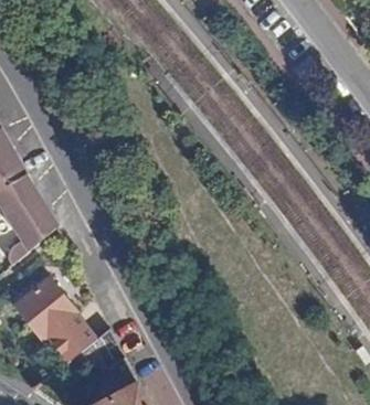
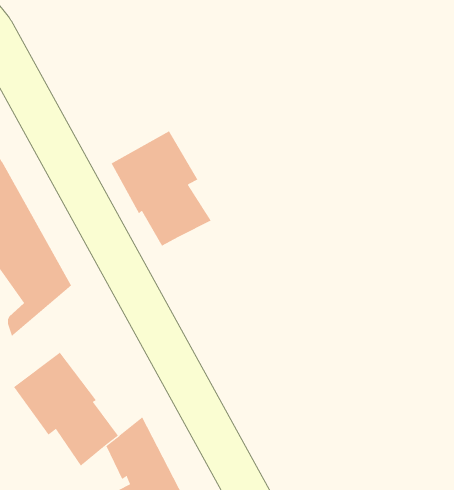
building: none -> [111,130,211,247]

